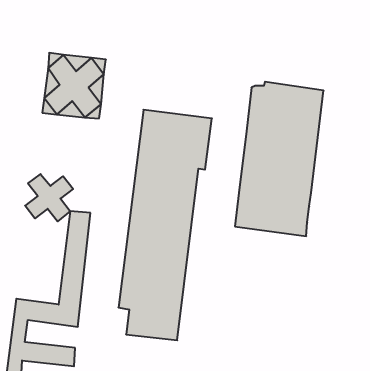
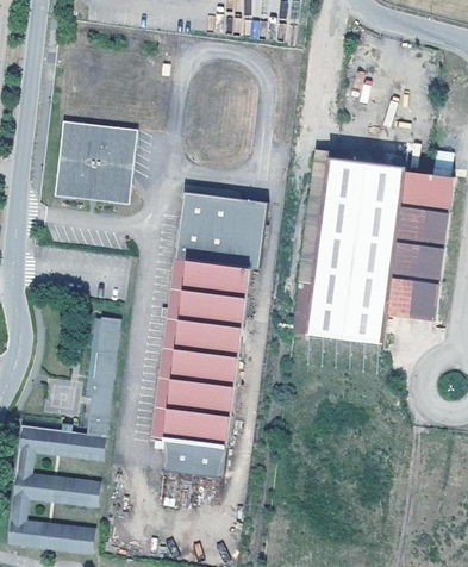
building: none -> [387,167,455,318]
building: [25,174,73,221] -> none

